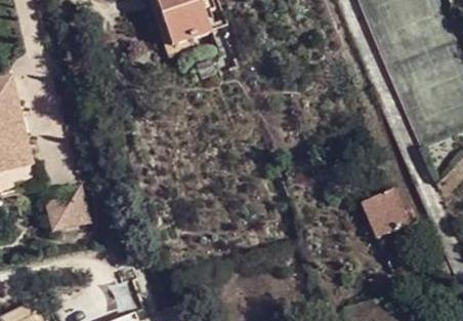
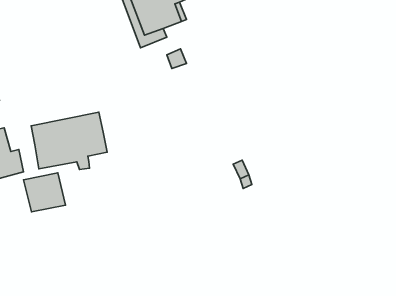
building: none -> [31,112,107,170]
building: [361,185,410,235] -> none

